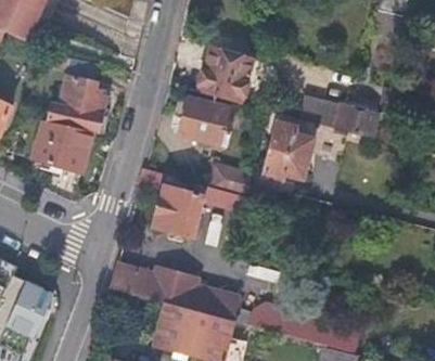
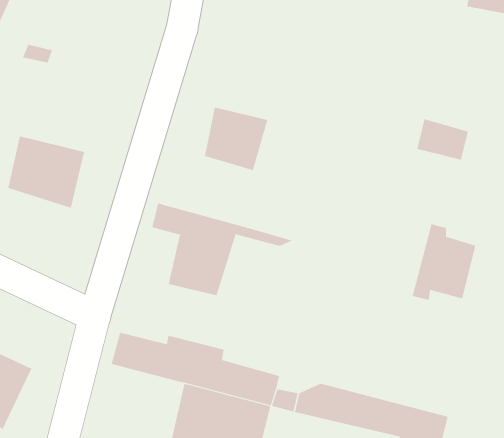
building: [201,50,252,103] -> none
building: [49,76,104,132] -> none
building: [299,95,345,129] -> none
building: [265,121,312,179] -> [412,224,476,301]
building: [214,164,255,197] -> none

